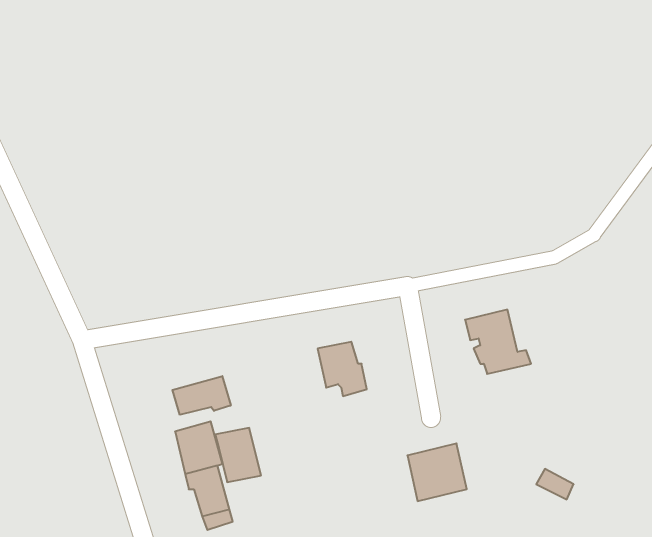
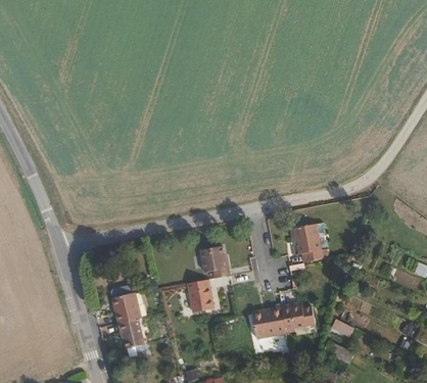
building: [172,376,231,415] -> none
building: [215,428,261,482] -> [187,277,215,309]
building: none -> [282,299,317,332]

